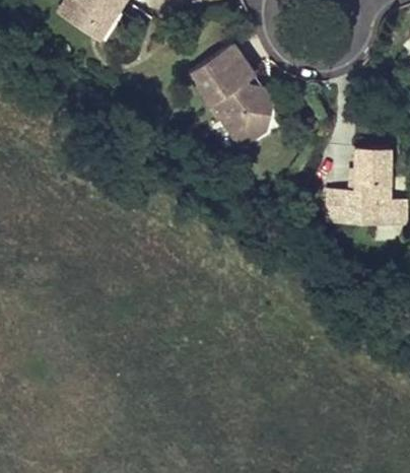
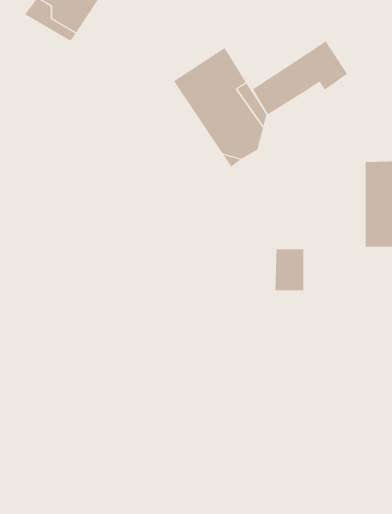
building: none -> [252,41,348,115]
building: [333,185,359,222] -> [275,249,304,291]

